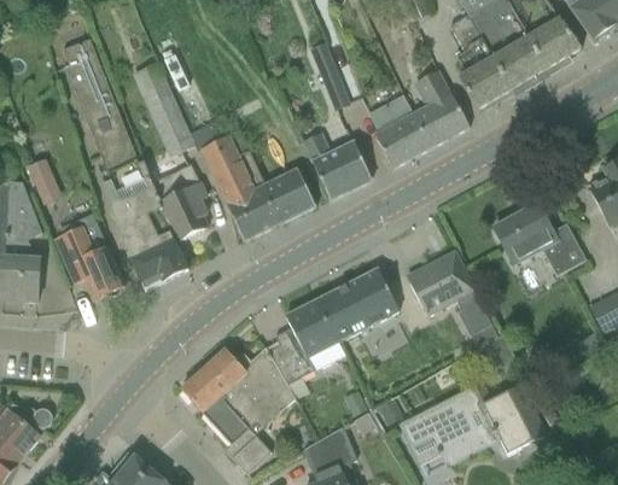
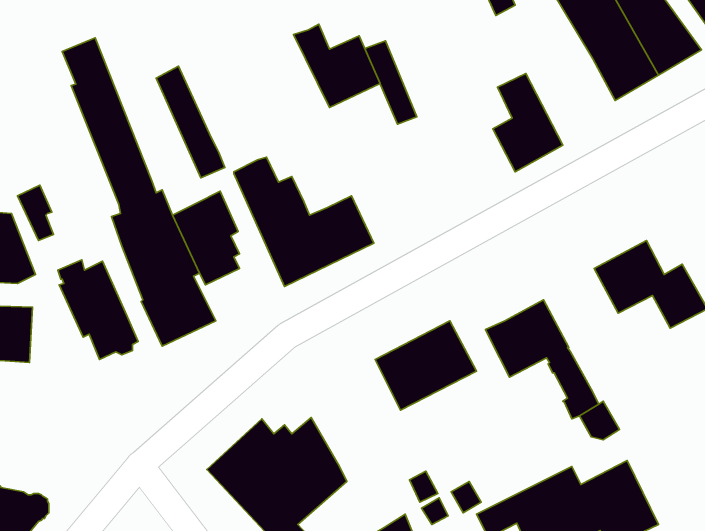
building: [450,14,511,110] -> none
building: [369,97,430,168] -> none
building: [301,132,371,199] -> [294,24,380,107]
building: [267,300,344,385] -> none

